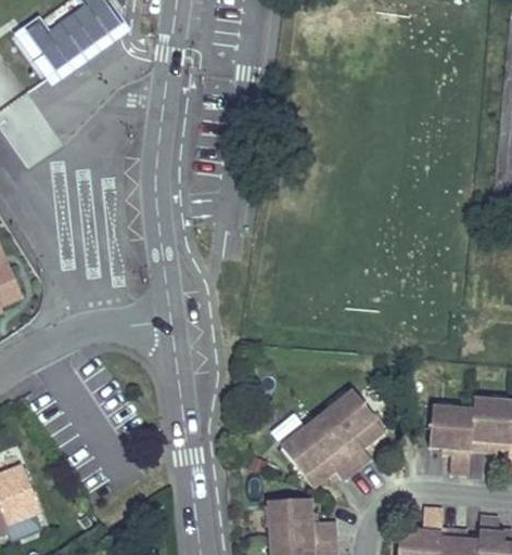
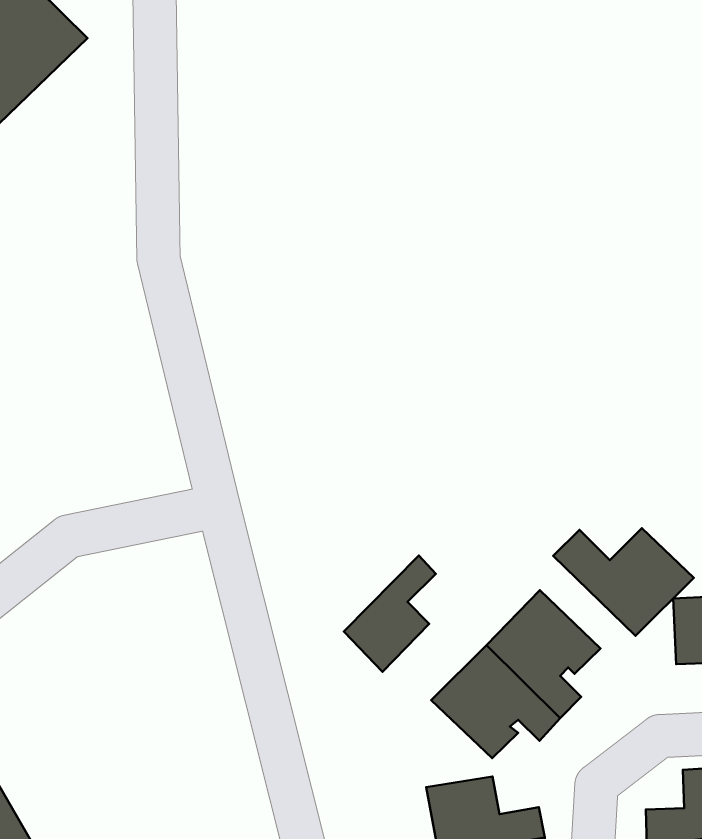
building: none -> [553,528,694,636]
building: none -> [344,556,436,672]

